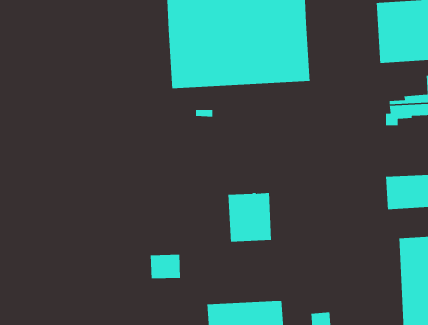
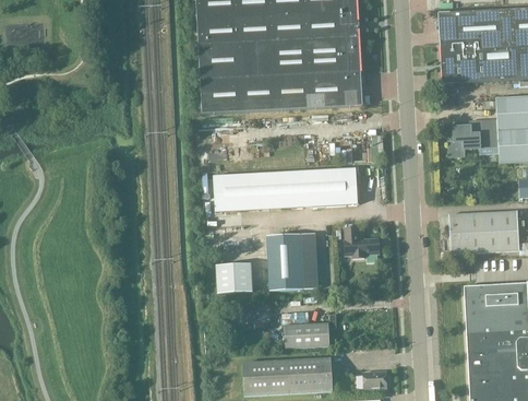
building: none -> [214,168,358,211]
building: none -> [344,227,380,258]
building: [150,254,181,279] -> [217,263,253,293]
building: none -> [285,322,331,347]

